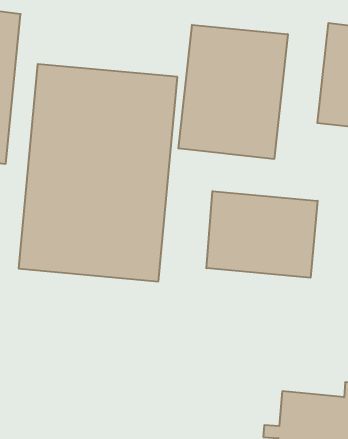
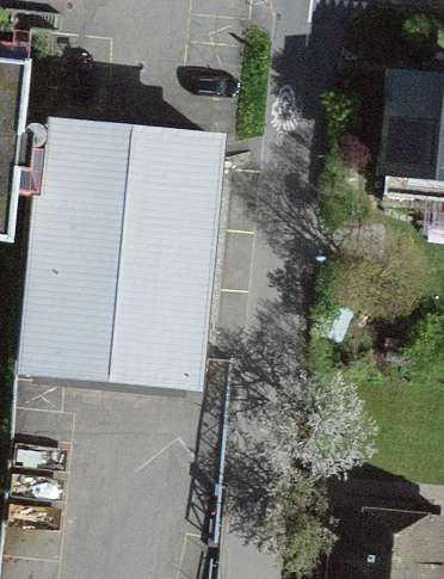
building: [179,25,288,159] -> none
building: [206,191,318,278] -> none

